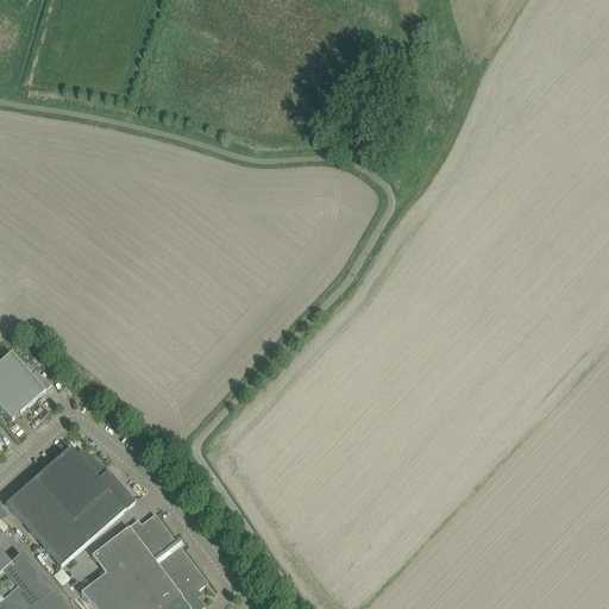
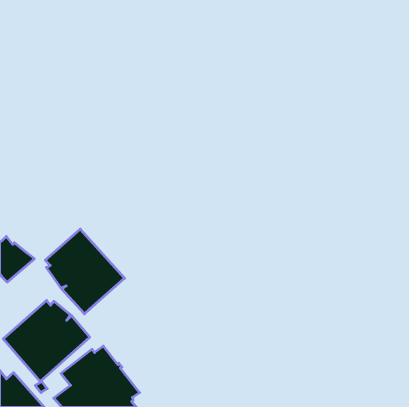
building: none -> [45,229,125,314]

